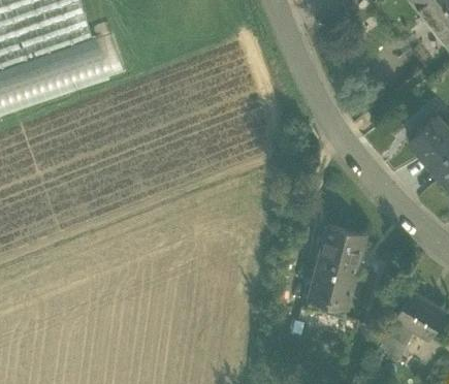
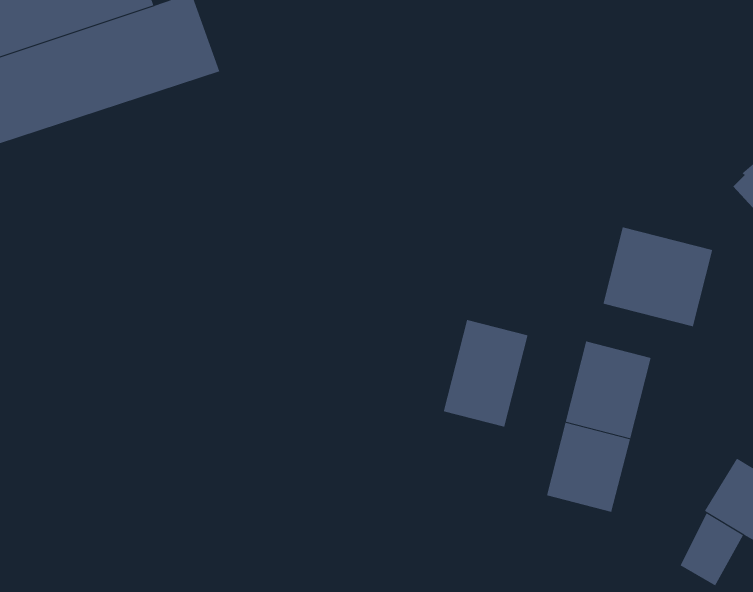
building: none -> [603,226,713,327]
building: none -> [443,319,528,427]

